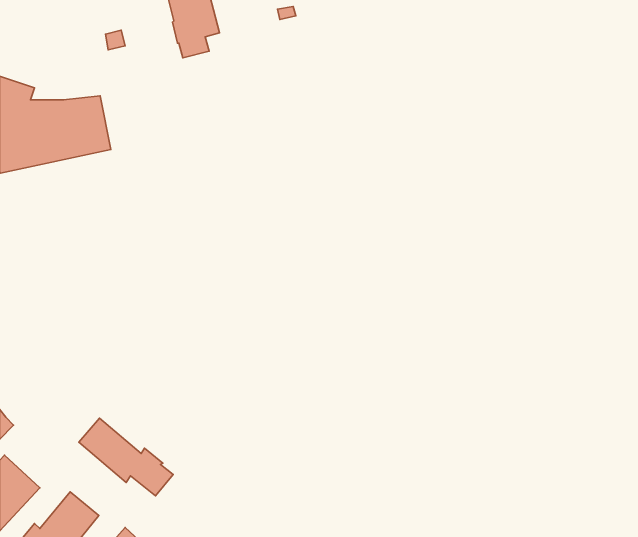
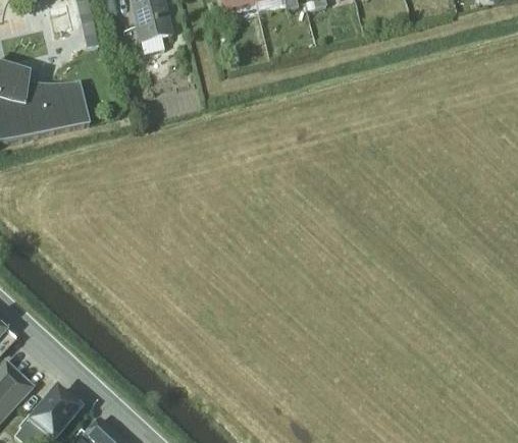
building: [79,418,173,496] -> none

